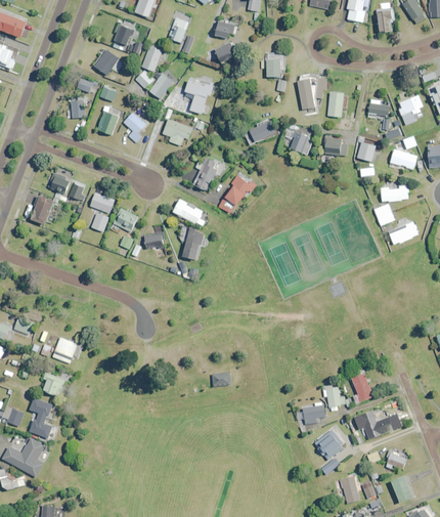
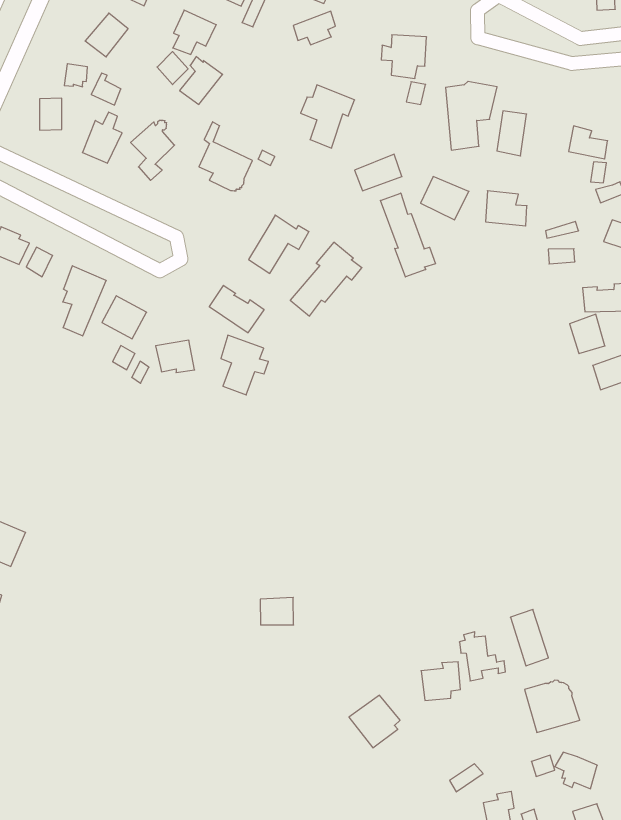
building: [183,79,213,114] -> [301,85,355,148]
building: none -> [380,193,435,277]
building: [314,429,343,459] -> [349,695,400,748]

